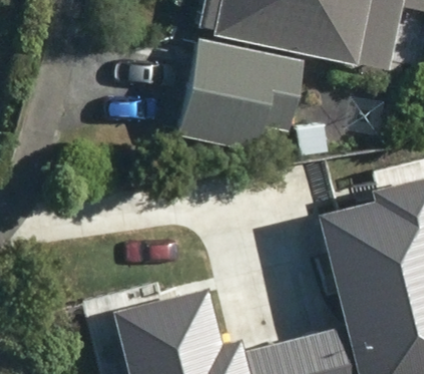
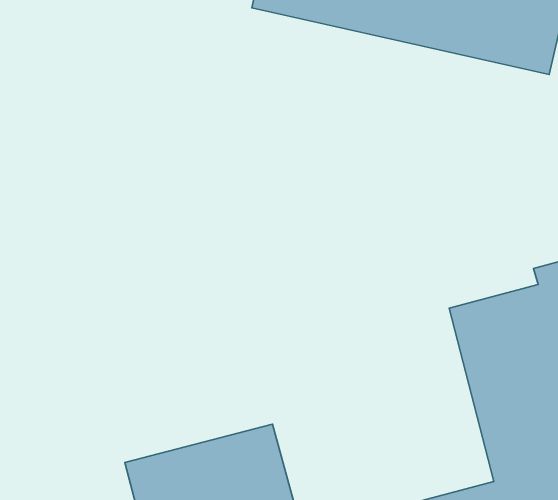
building: [176,63,295,148] -> none

